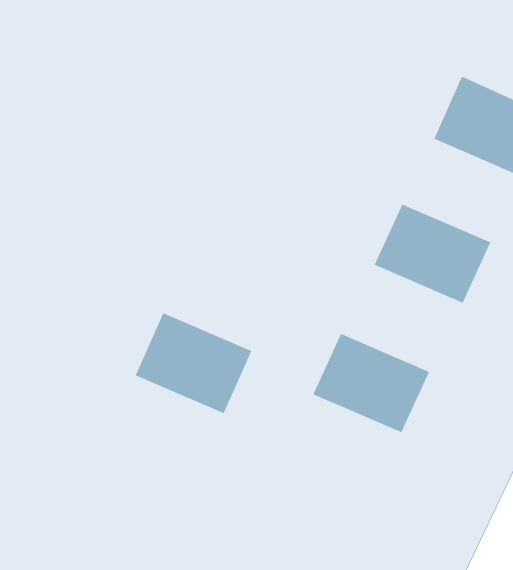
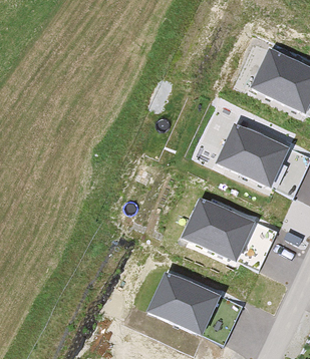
building: [135,312,252,414] -> [150,274,218,332]

